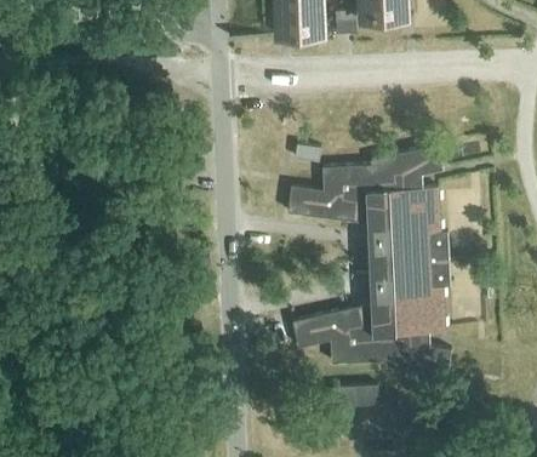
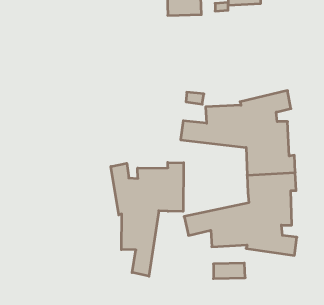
building: none -> [111,162,184,276]

